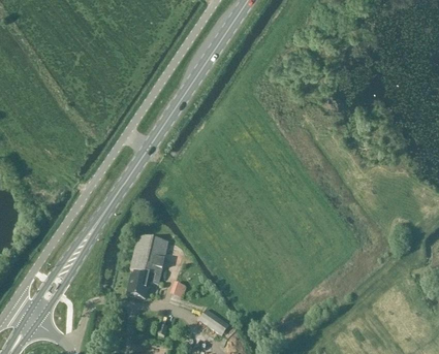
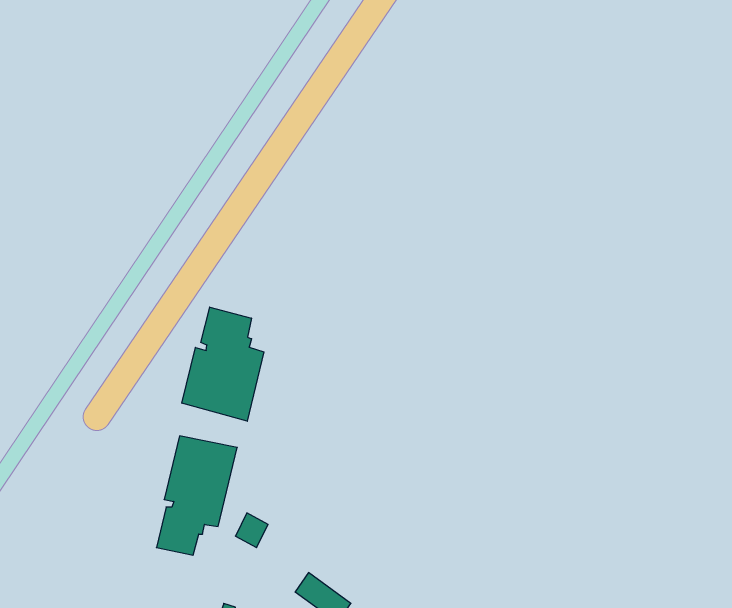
building: none -> [182,307,264,421]

